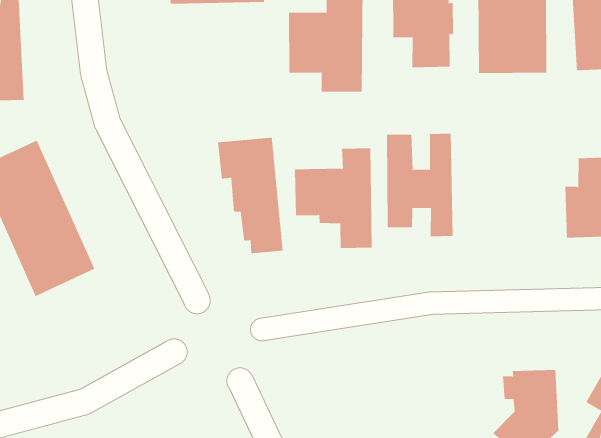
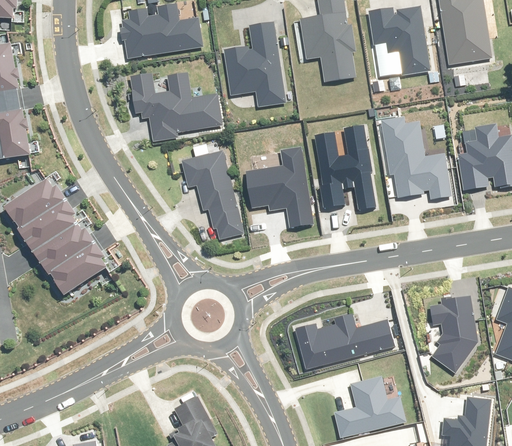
building: none -> [132,72,224,141]
building: none -> [378,118,451,197]
building: none -> [293,315,396,366]

